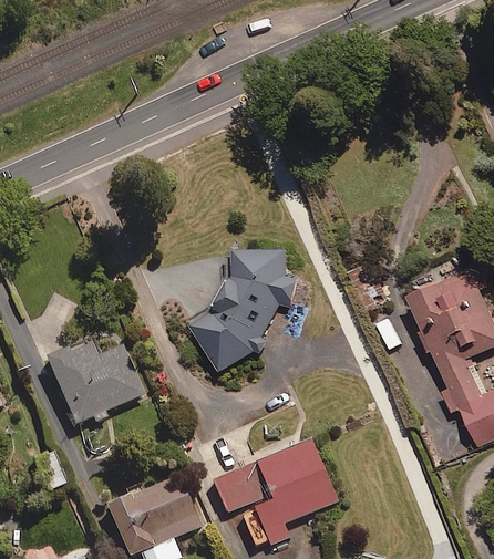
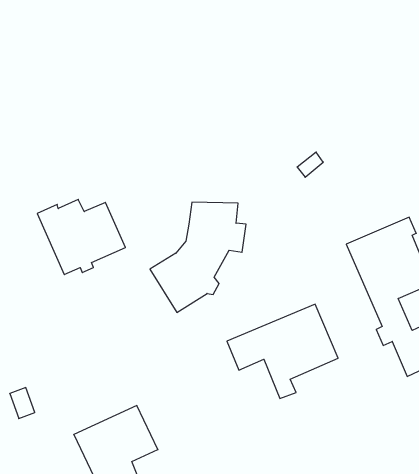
building: [44,342,142,425] -> [37,199,125,275]
building: [210,439,333,544] -> [227,304,338,398]

